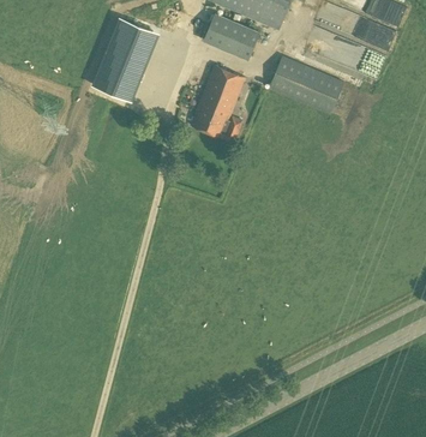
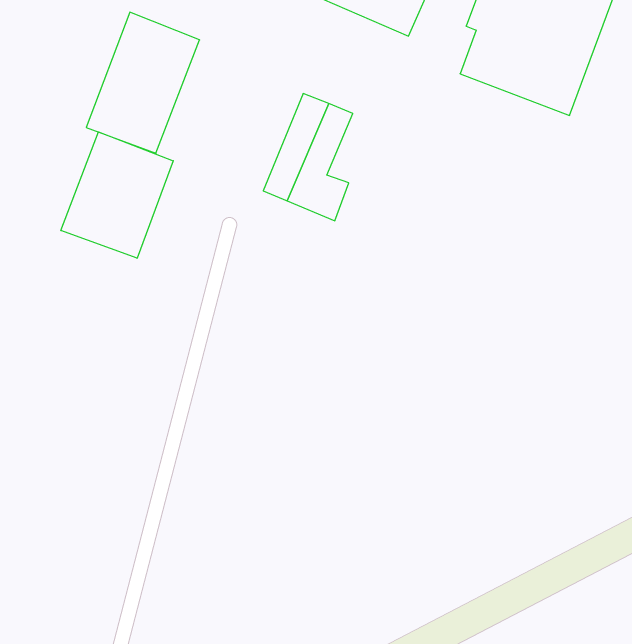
building: [204,14,260,60] -> none
building: [270,56,346,115] -> none
building: none -> [61,132,173,258]

